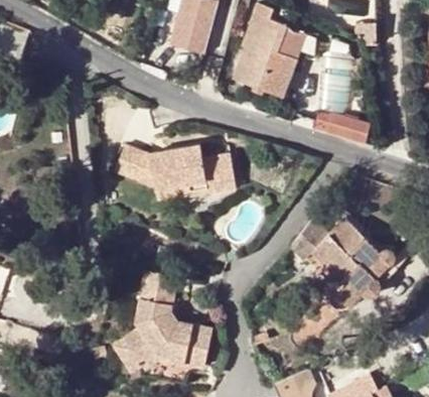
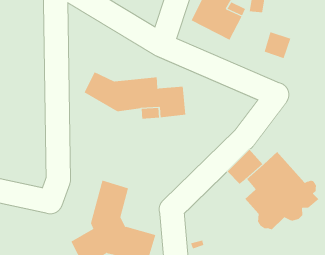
building: [311,107,366,141] -> none

